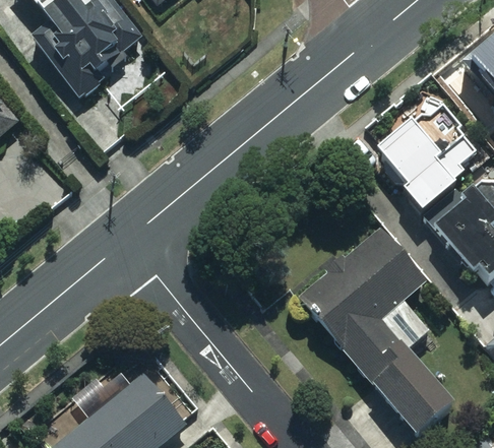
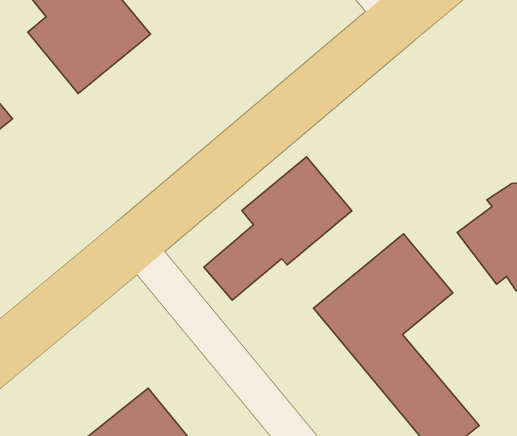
building: [378,100,476,213] -> none
building: none -> [204,157,352,300]

